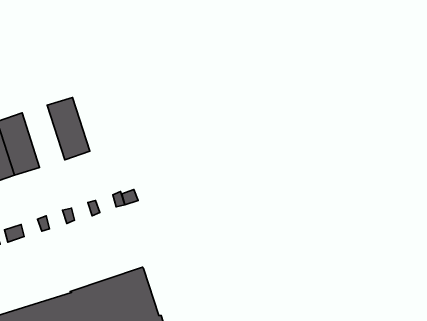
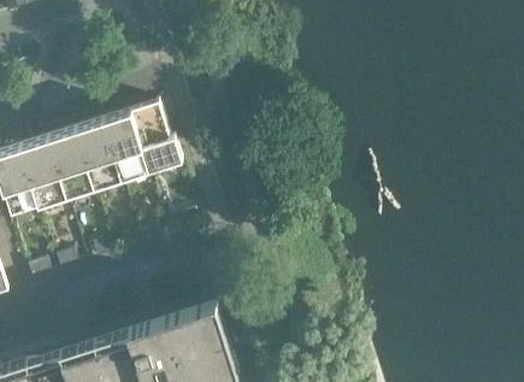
building: none -> [131,104,183,172]
building: none -> [76,122,123,190]

